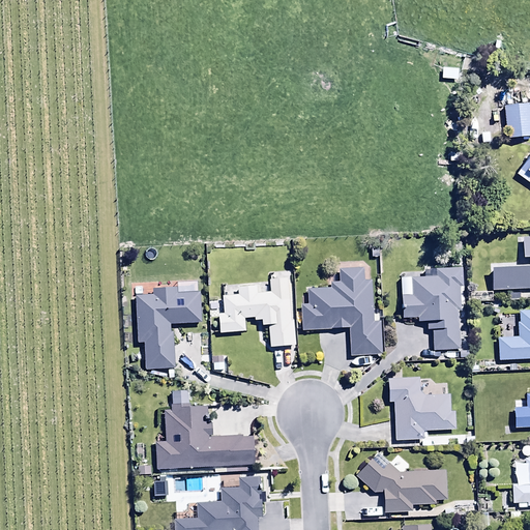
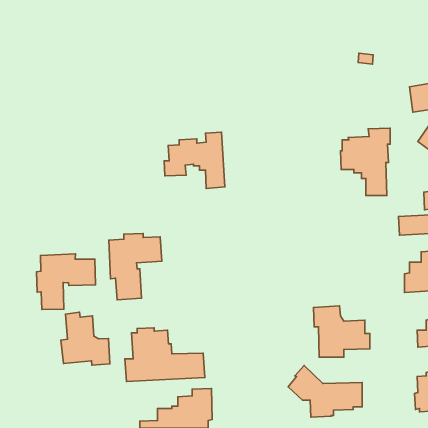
building: [403,266,464,349] -> [340,128,390,195]
building: [302,267,383,356] -> none
building: [219,277,294,347] -> [164,132,225,189]
building: none -> [36,254,96,309]
building: none -> [61,312,110,365]

